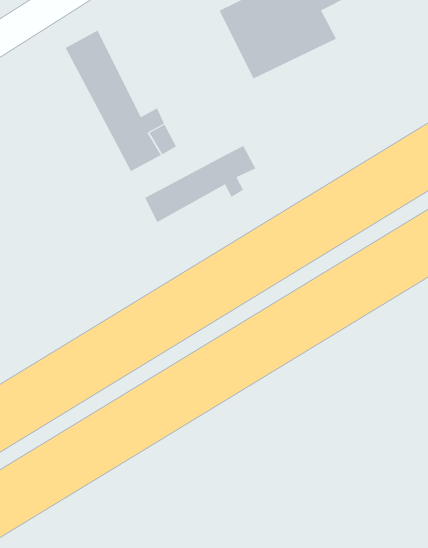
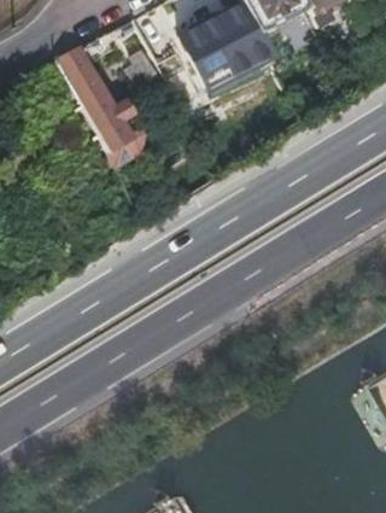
building: [144,145,256,223] -> none

